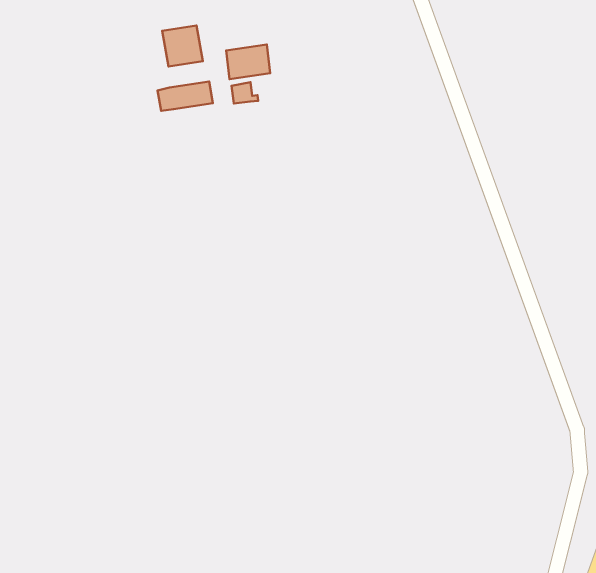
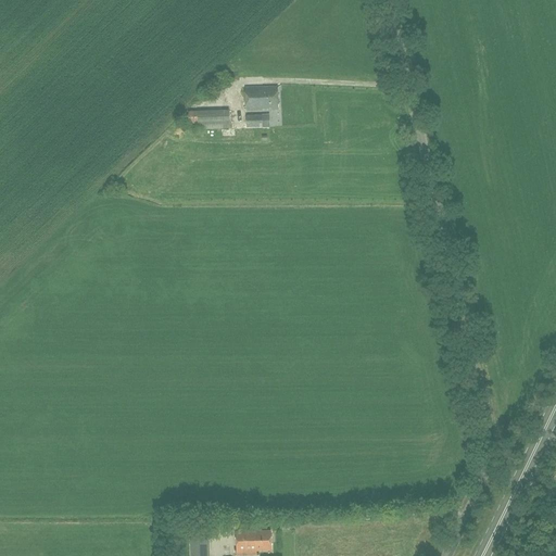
building: [162,25,203,67] -> none

